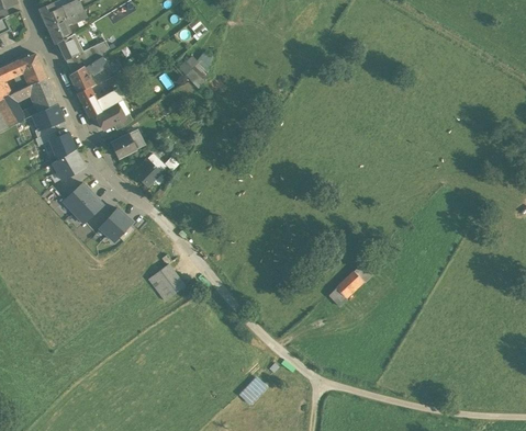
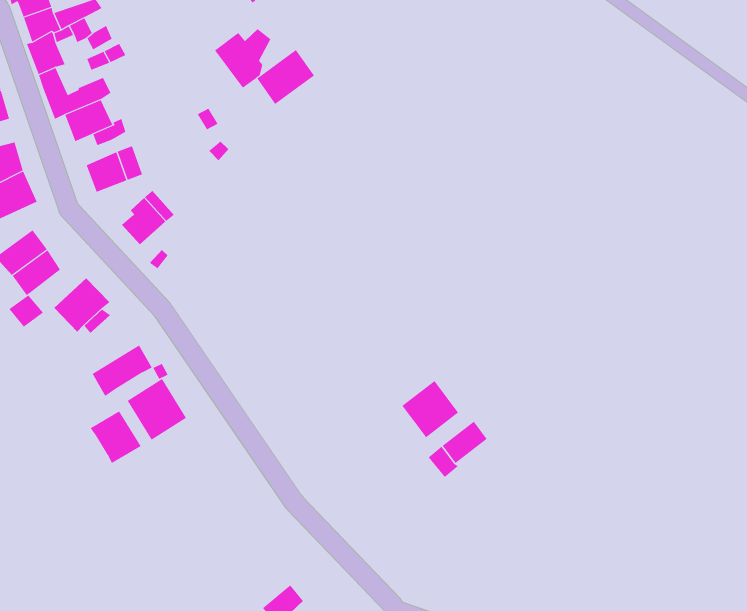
building: none -> [257,49,315,105]
building: none -> [92,345,152,397]
building: none -> [402,380,459,438]
building: none -> [90,411,141,464]

